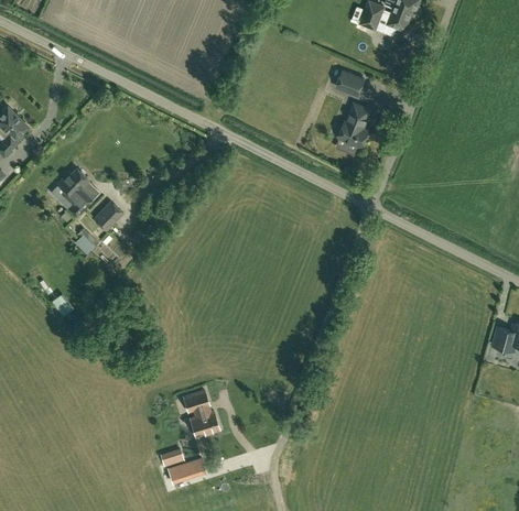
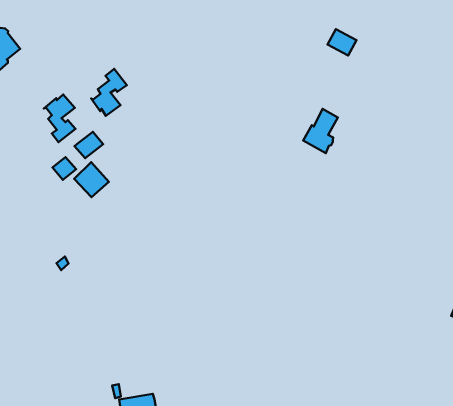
building: [338,104,370,148] -> [303,109,338,153]
building: none -> [91,69,127,116]
building: [184,391,219,436] -> none

